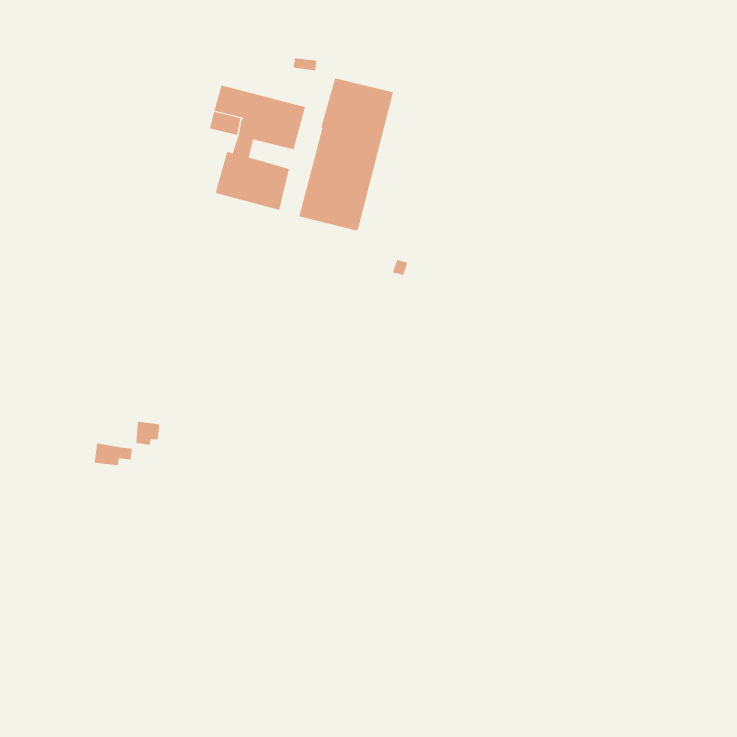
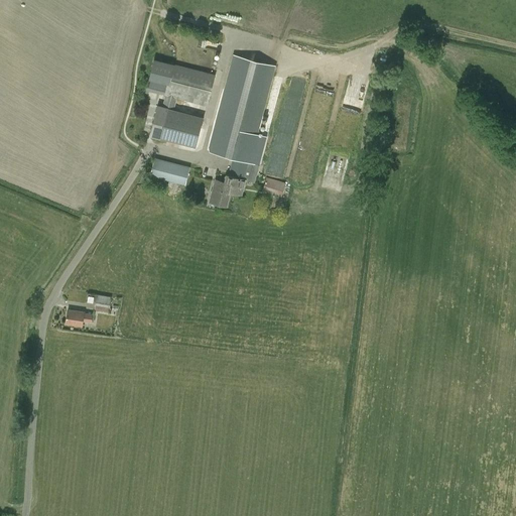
building: none -> [150,157,190,185]
building: none -> [210,158,249,206]

